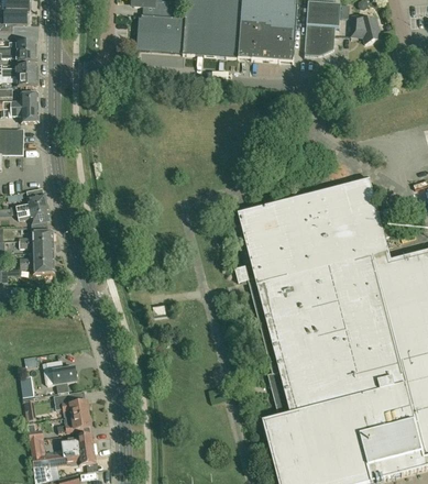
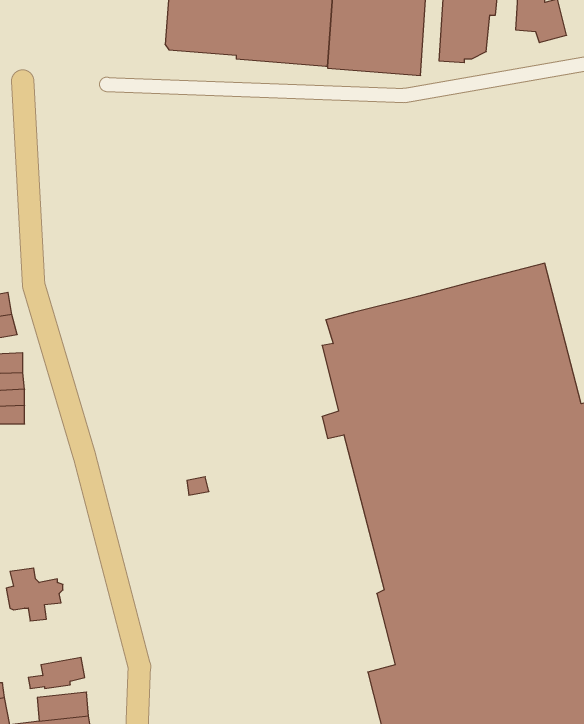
building: [54,392,89,417] -> none

